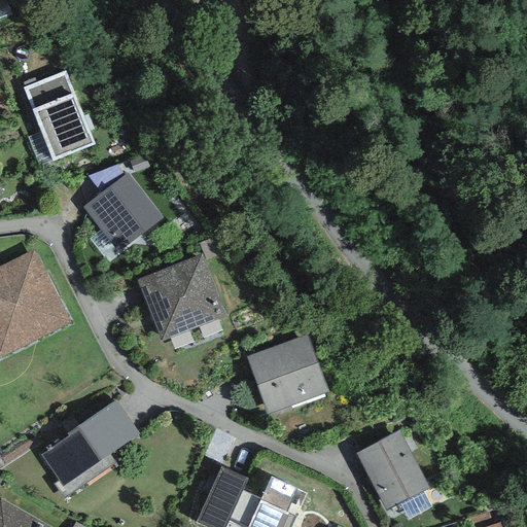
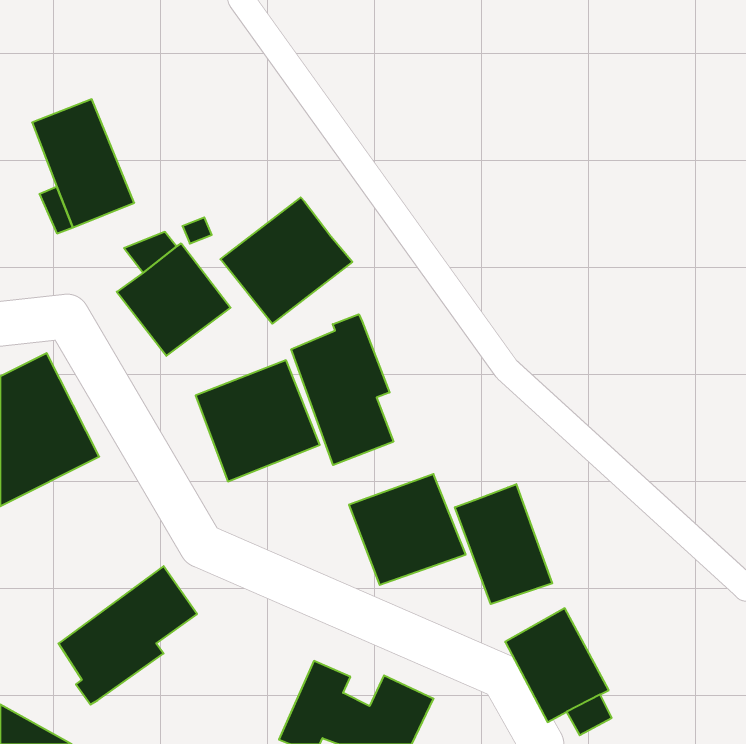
building: none -> [220,197,352,324]
building: none -> [291,314,393,465]
building: none -> [455,484,552,604]

